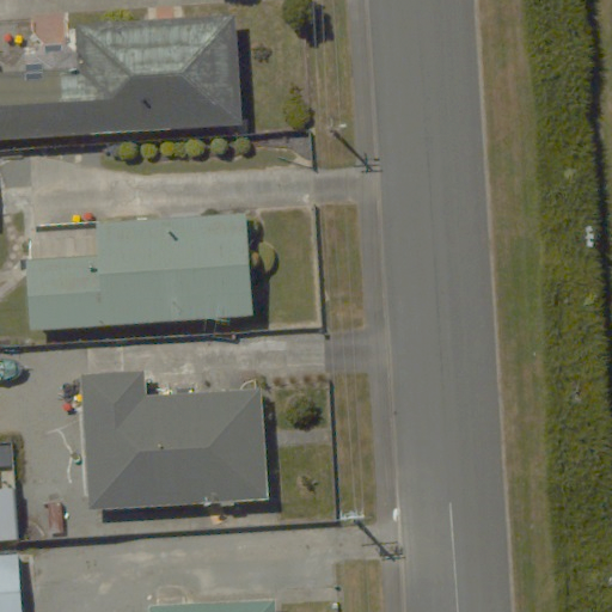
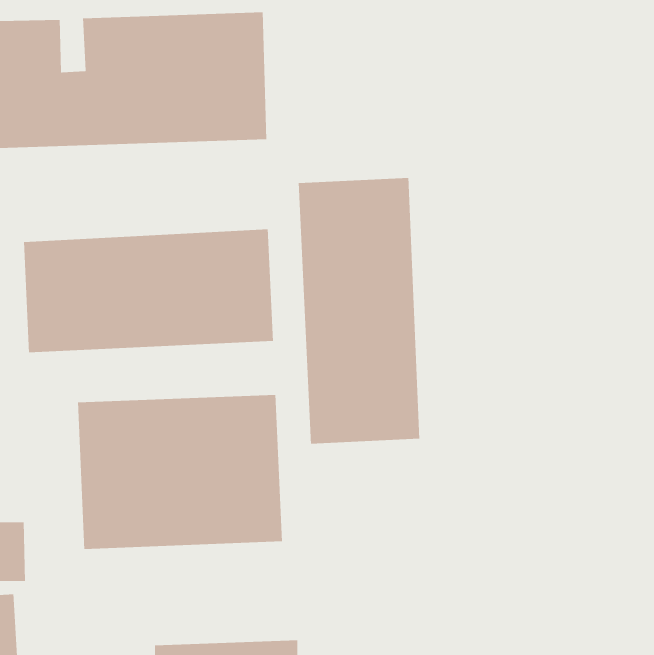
building: none -> [298,177,420,445]

